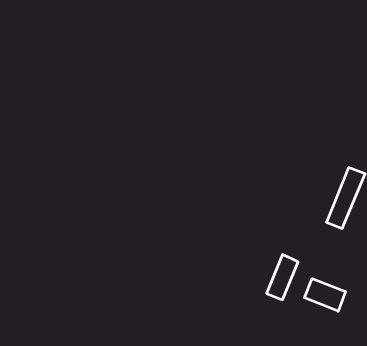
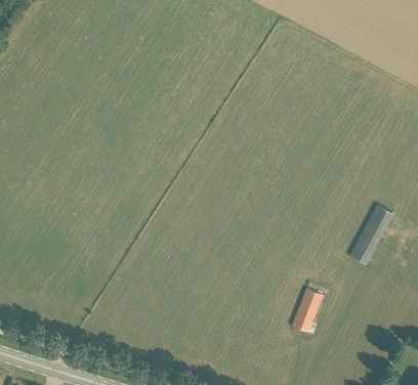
building: [304,279,345,311] -> none

